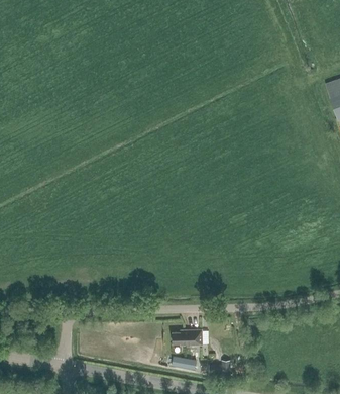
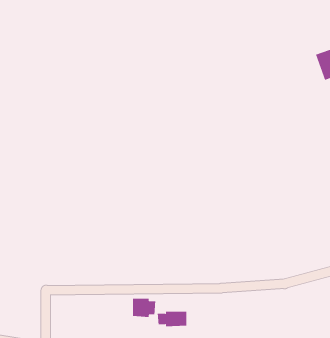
building: none -> [132,298,156,318]

